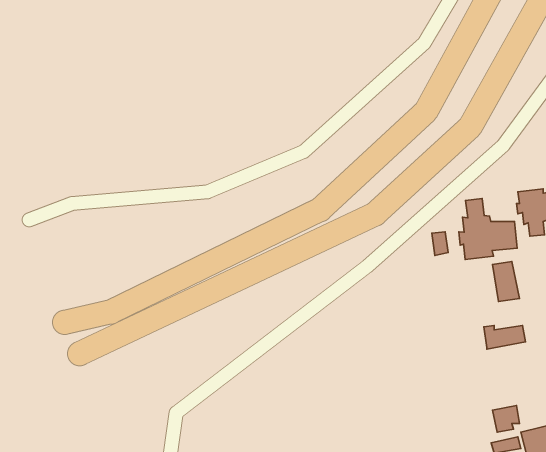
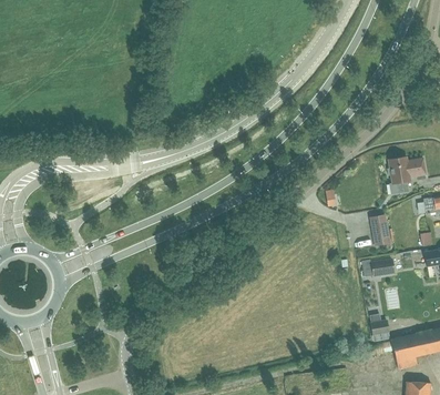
building: [459,198,517,259] -> none

